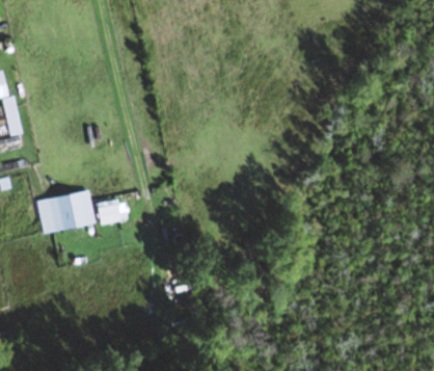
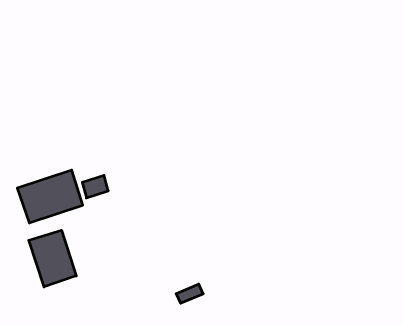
building: none -> [29,230,76,287]

